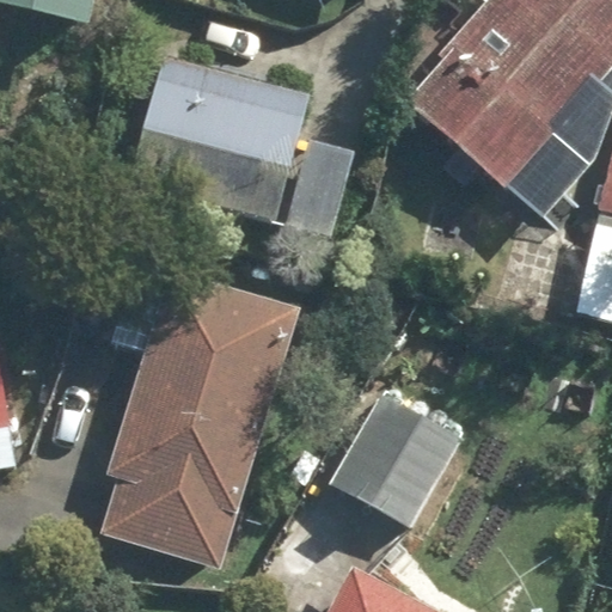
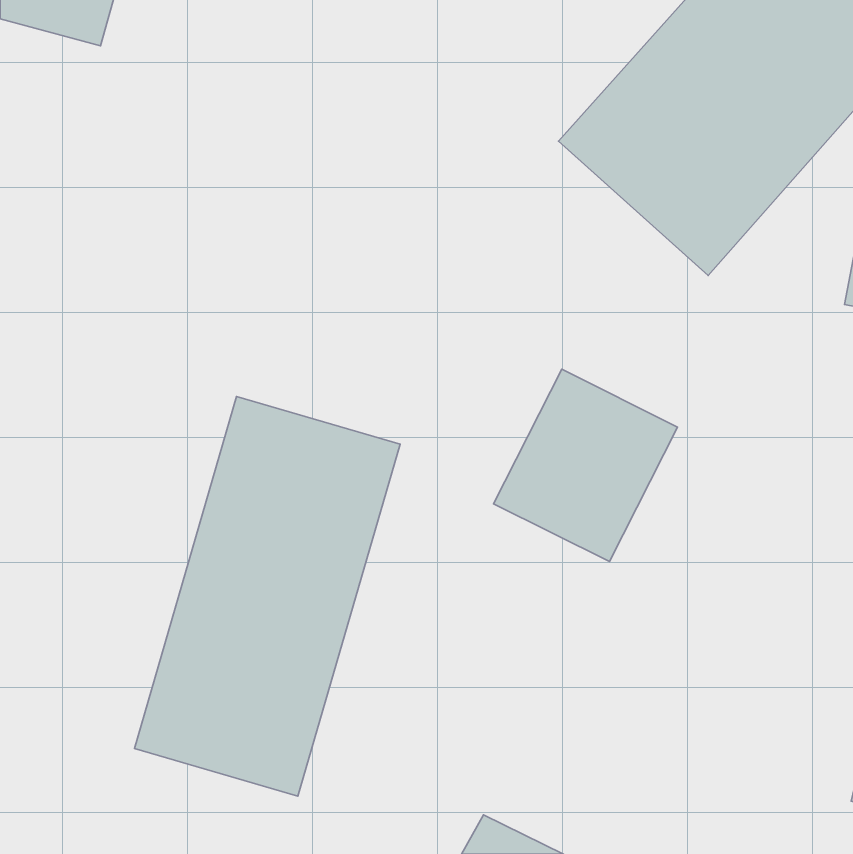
building: [131,54,356,237] -> none
building: [330,391,459,526] -> [494,369,677,562]

